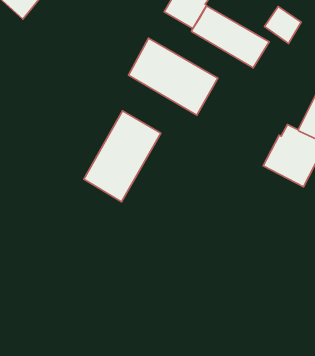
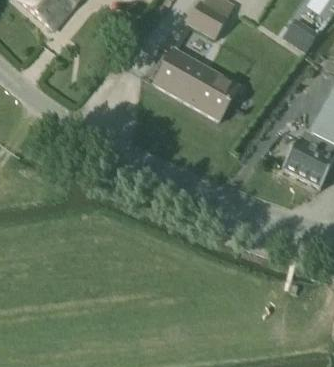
building: [192,6,269,68] -> none
building: [84,111,161,202] -> none

